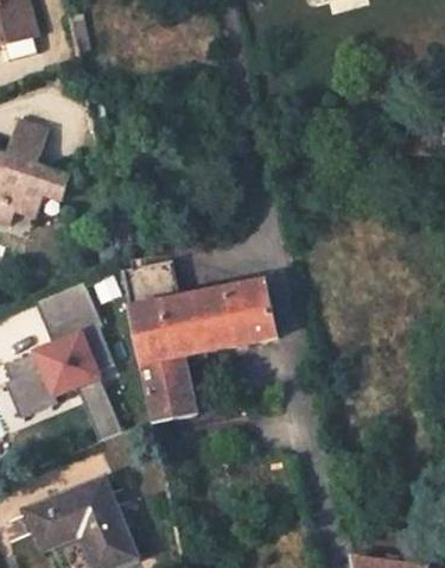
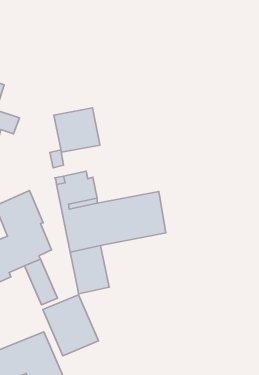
building: none -> [54,108,100,152]
building: none -> [43,295,98,356]

